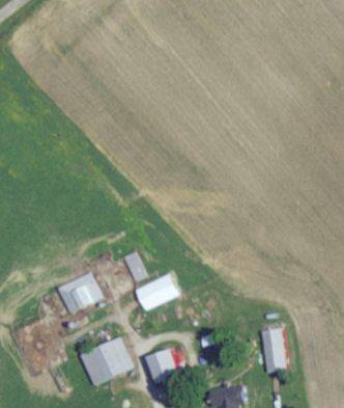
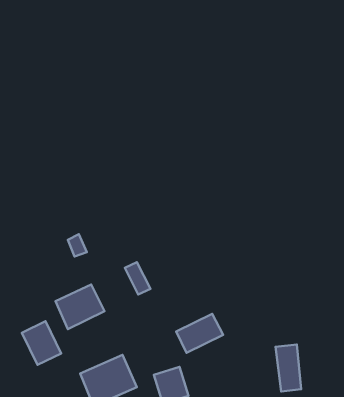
building: [135,274,178,310] -> [176,314,223,353]
building: none -> [22,321,61,365]

